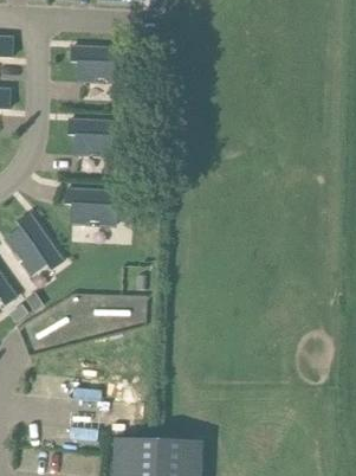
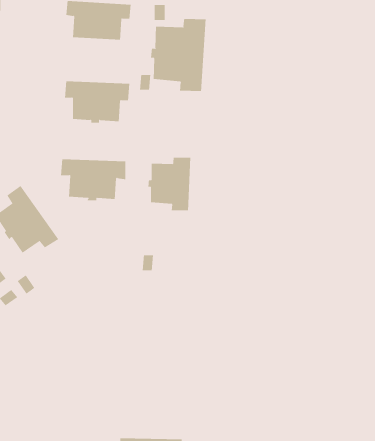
building: none -> [150,18,206,92]
building: none -> [148,157,191,211]

